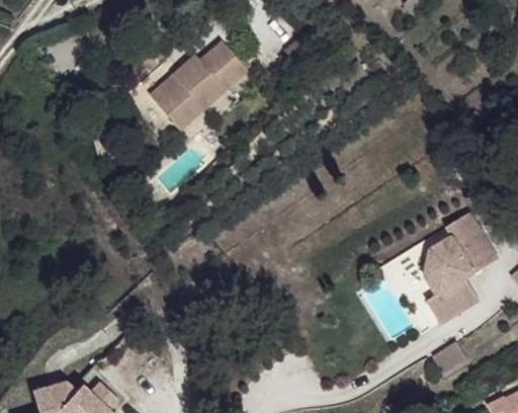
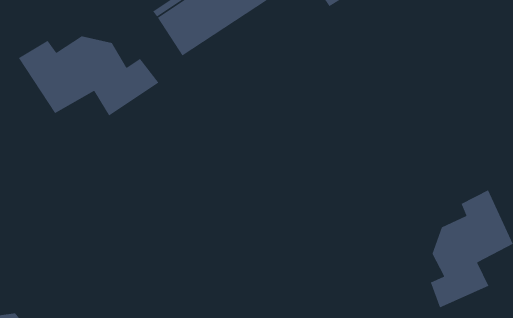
building: none -> [18,35,160,117]

